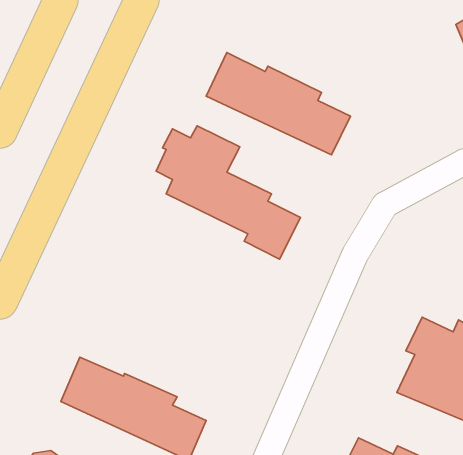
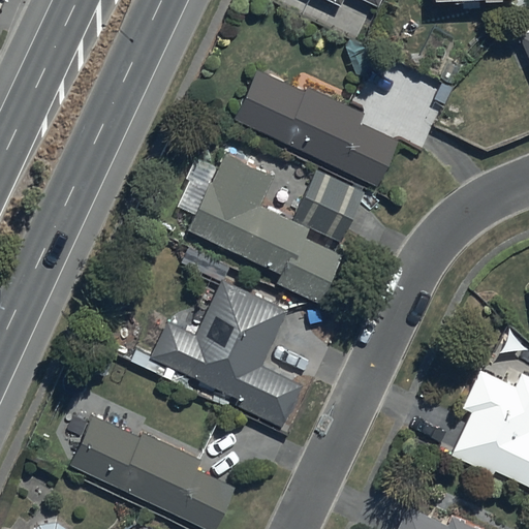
building: none -> [293,169,366,243]
building: none -> [152,281,304,428]

